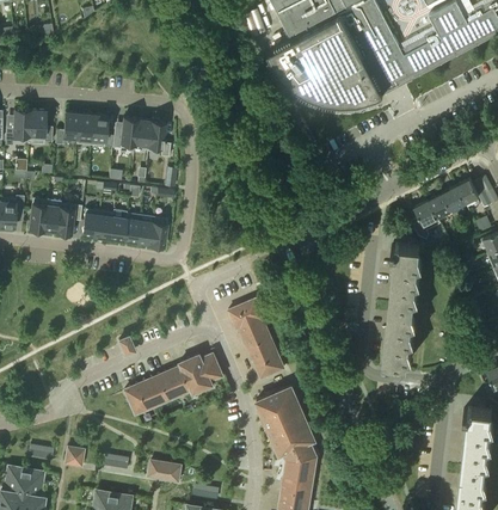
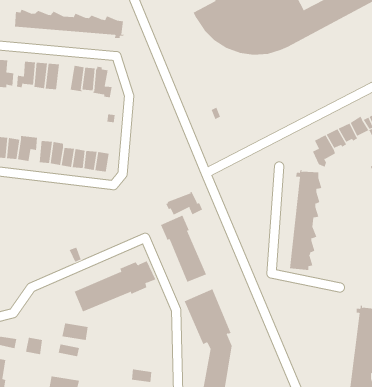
building: none -> [15,9,124,39]
building: none -> [165,191,203,216]
building: [148,460,180,481] -> [62,323,88,341]

